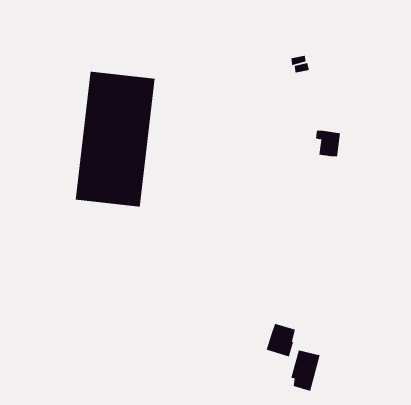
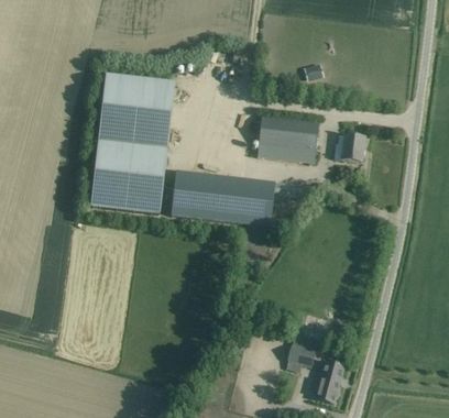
building: none -> [258,119,318,162]
building: none -> [171,170,313,226]

